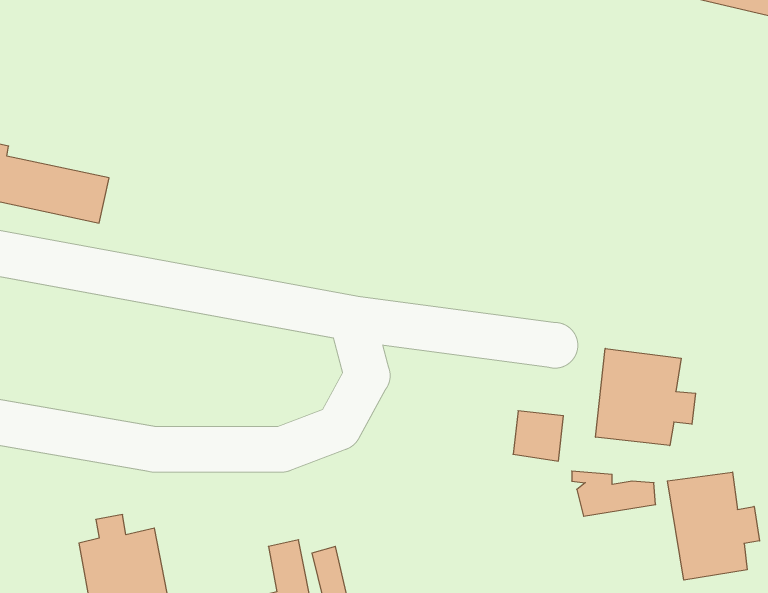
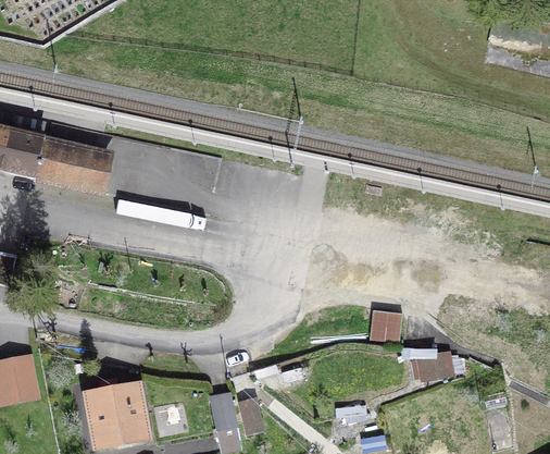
building: [596,348,696,446] -> none
building: [667,472,760,580] -> none

